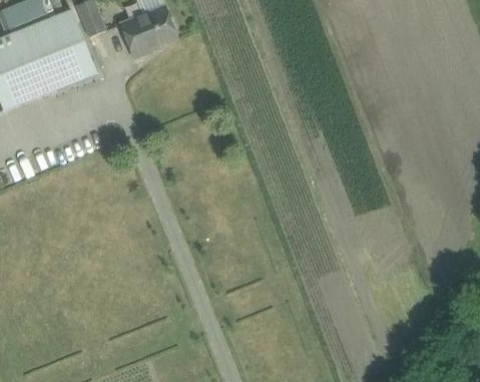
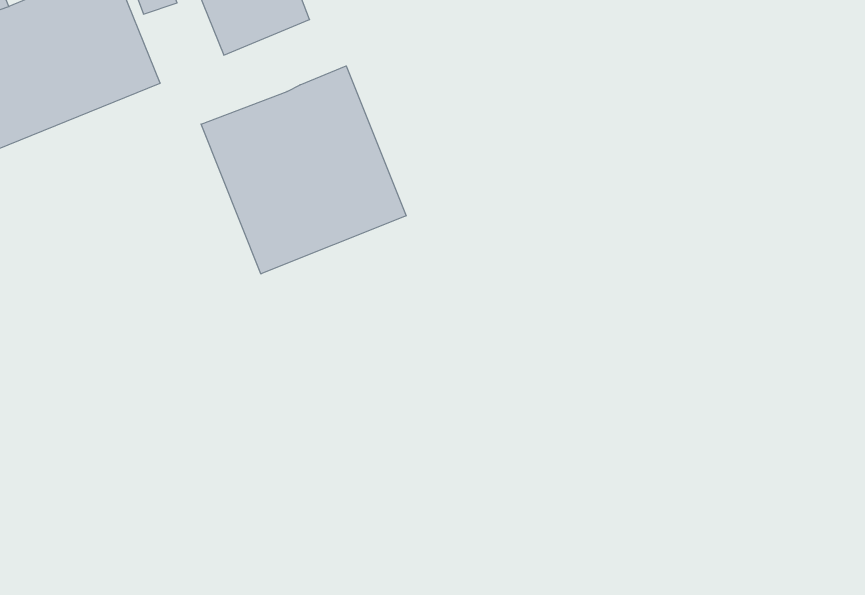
building: none -> [201,66,406,274]

